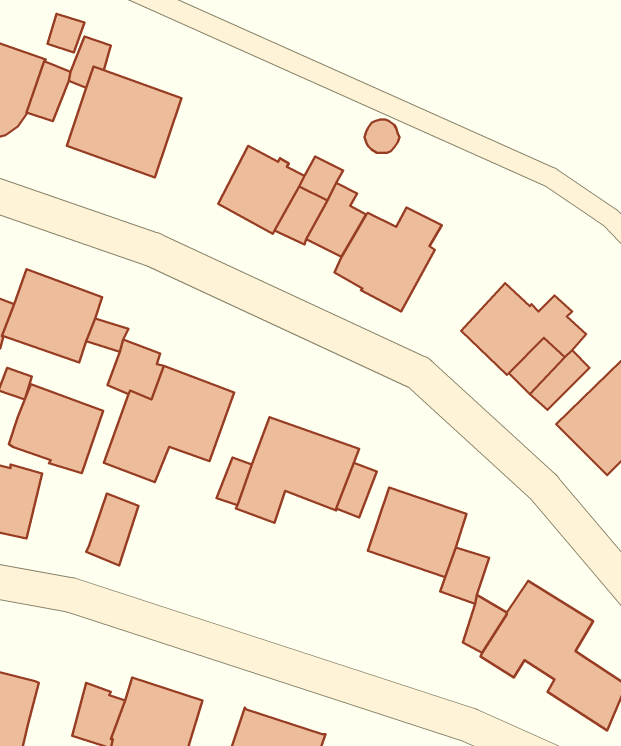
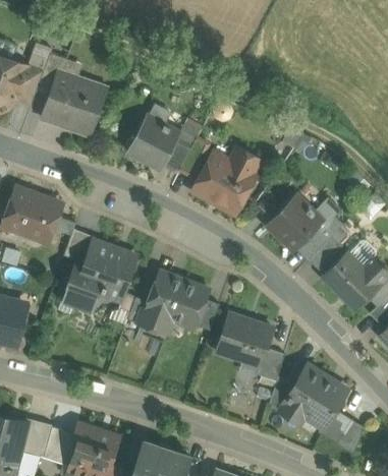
building: [9,384,103,473] -> none
building: [86,494,139,565] -> none
building: none -> [18,419,52,457]

